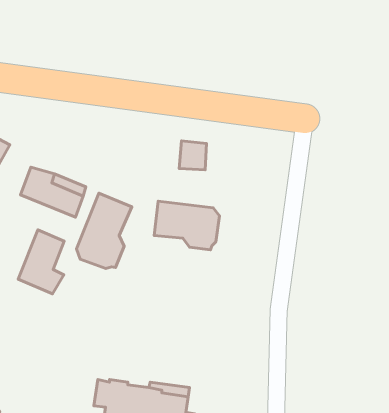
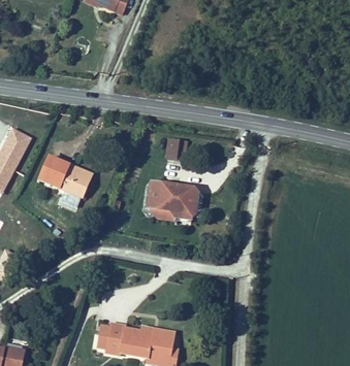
building: [76,193,132,269] -> none
building: [18,230,64,294] -> none

